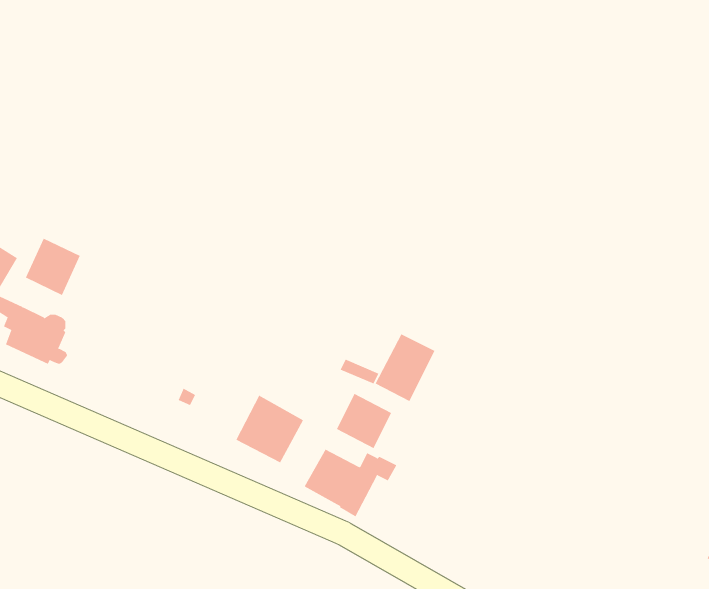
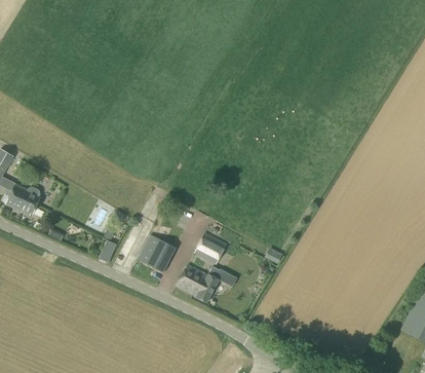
building: [25,238,81,296] -> none
building: [375,334,435,402] -> none

